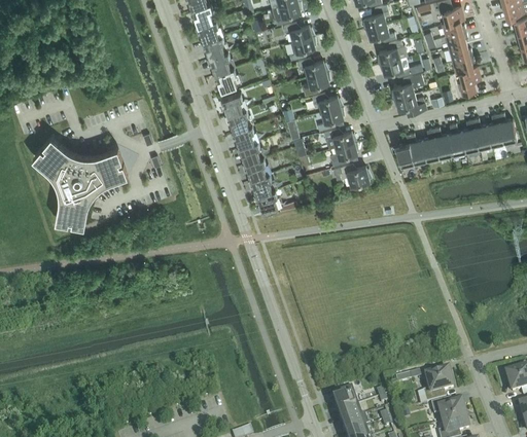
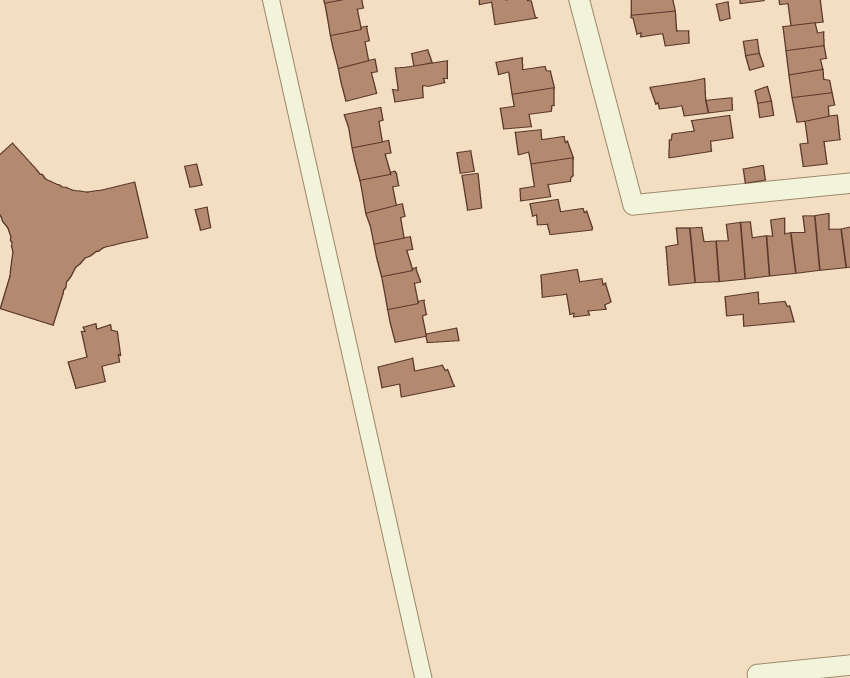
building: [288,35,316,60] -> [392,61,448,102]
building: [377,39,408,64] -> none
building: [392,93,426,113] -> none
building: [329,141,358,166] -> none
building: none -> [725,292,794,326]
building: none -> [378,358,455,397]
building: none -> [68,324,120,389]

